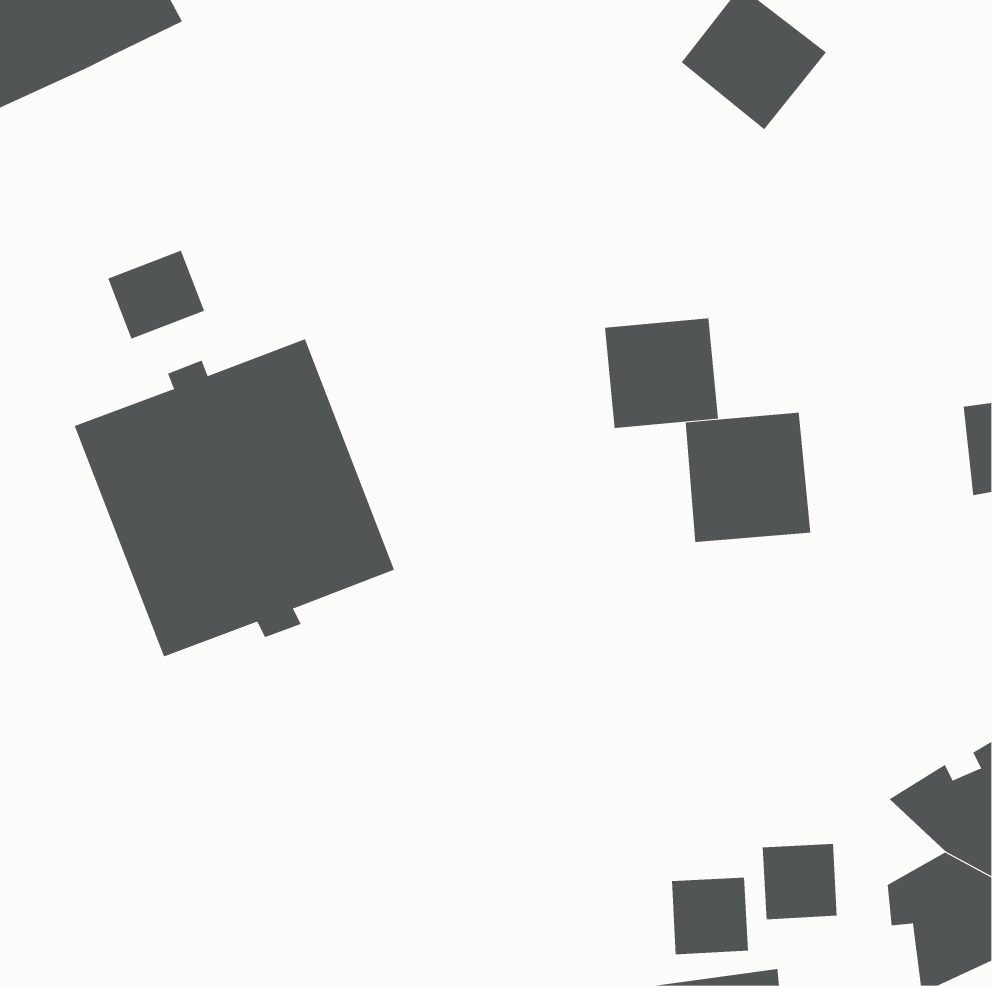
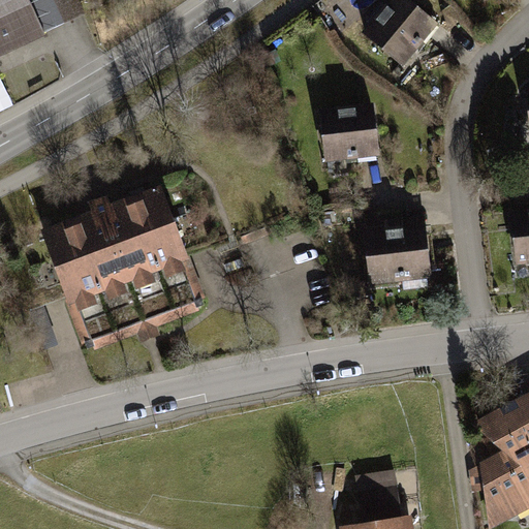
building: [107,250,205,339] -> none
building: [604,318,719,429] -> [318,107,379,166]
building: [762,843,837,920] -> none

